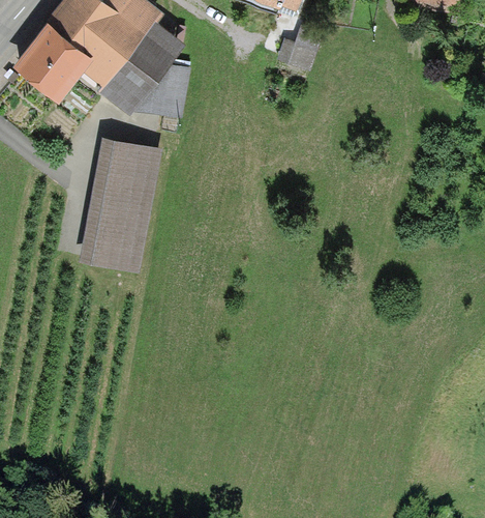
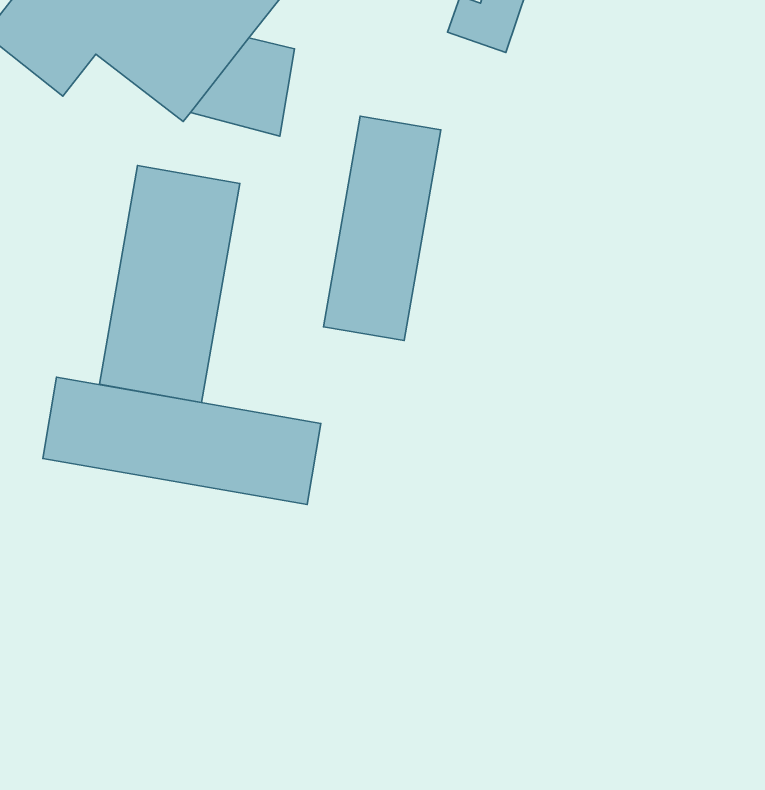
building: none -> [323,116,441,341]
building: none -> [43,377,321,505]

